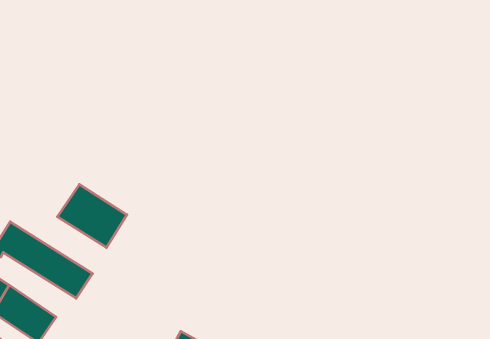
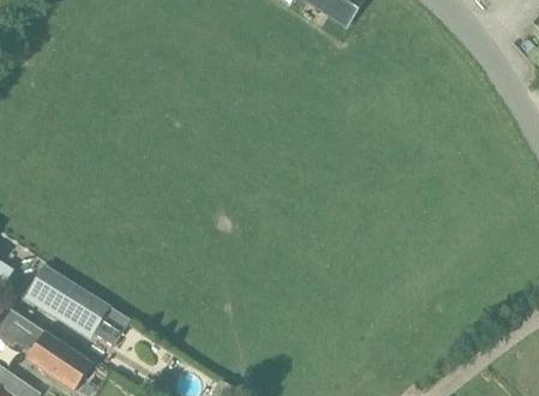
building: [57,184,127,248] -> none

